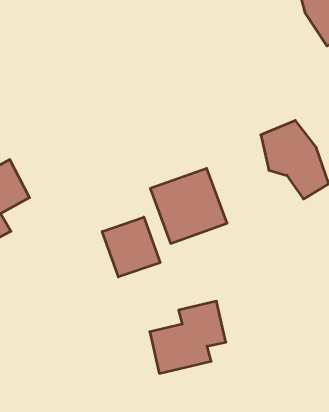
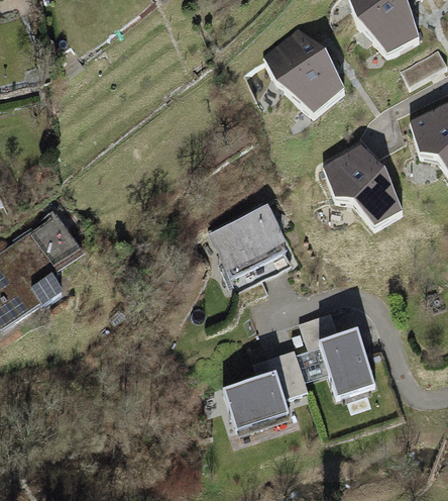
building: none -> [264,28,348,119]
building: [102,217,160,277] -> none
building: none -> [299,310,375,394]

